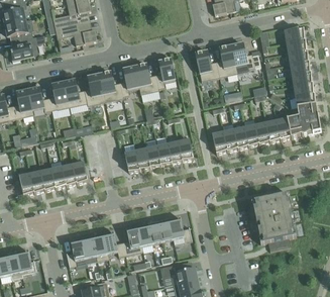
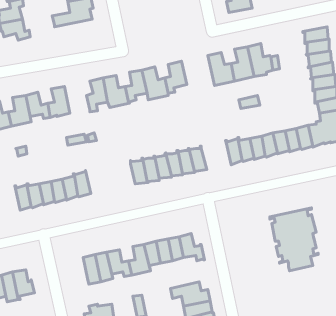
building: [54,20,97,44] -> none
building: [10,34,44,61] -> none
building: [64,79,87,106] -> none
building: [66,238,87,268] -> none

